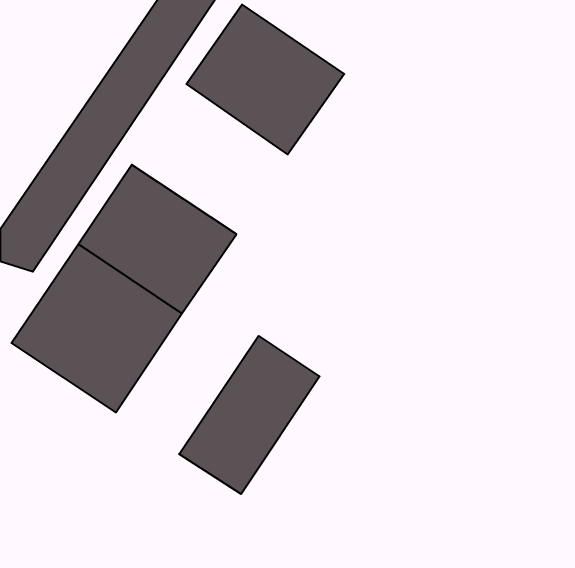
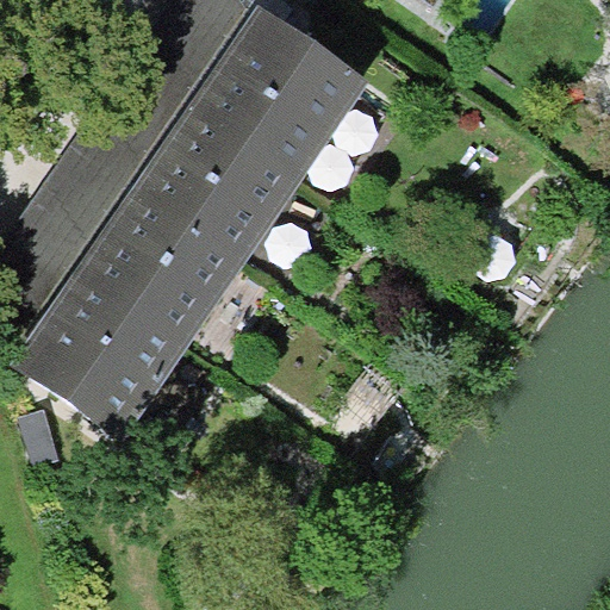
building: none -> [144,88,307,245]
building: [179,336,320,494] -> none

